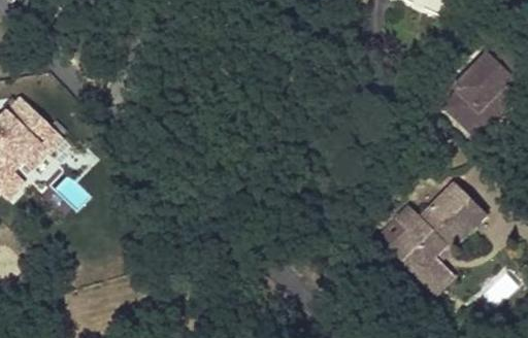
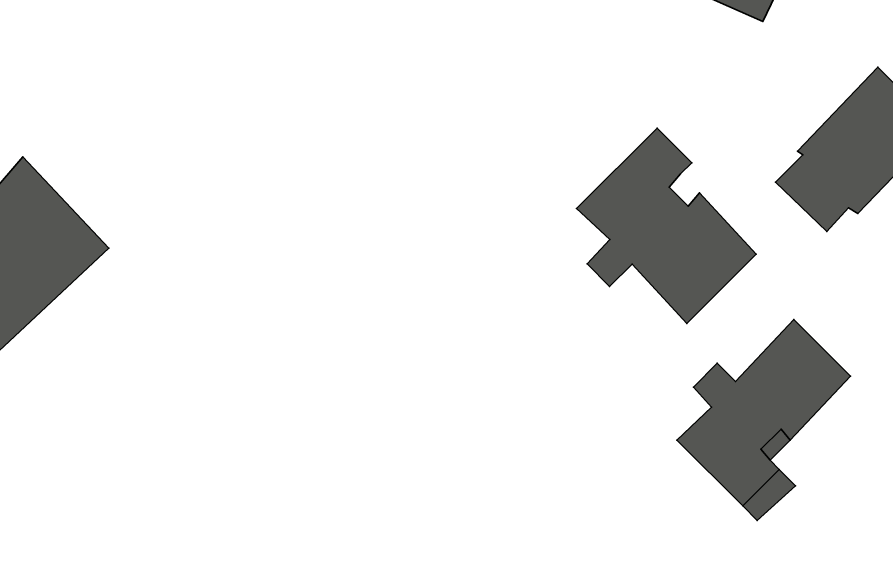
building: none -> [577,128,756,324]

